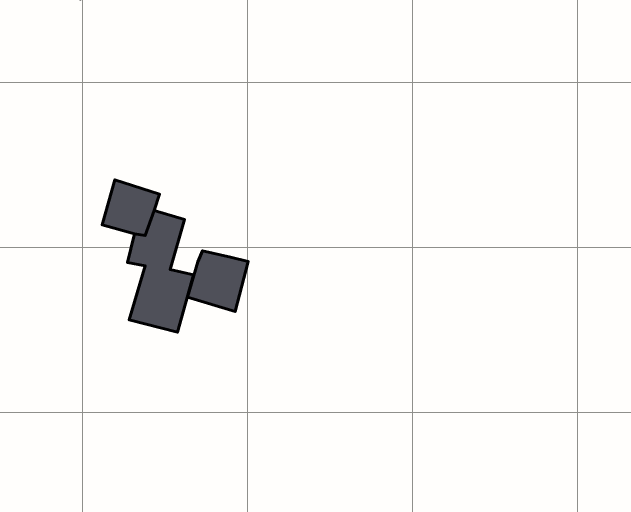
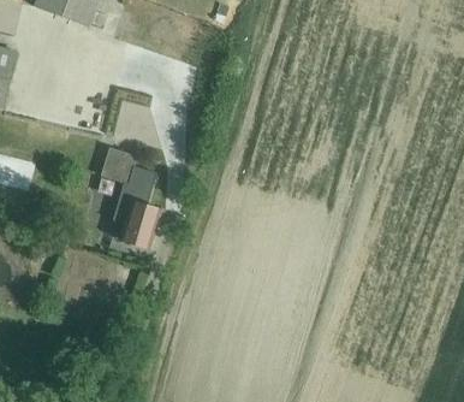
building: [187,251,248,311] -> none

